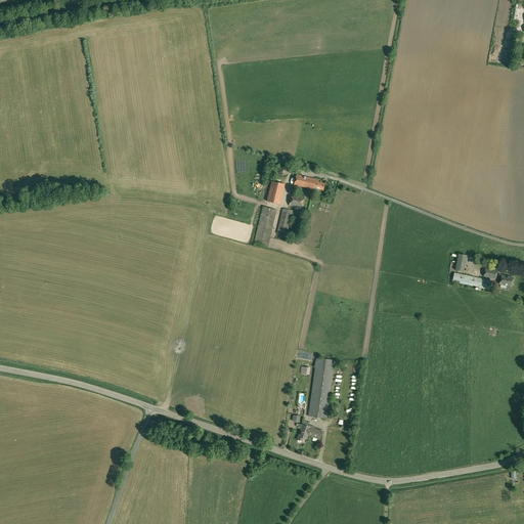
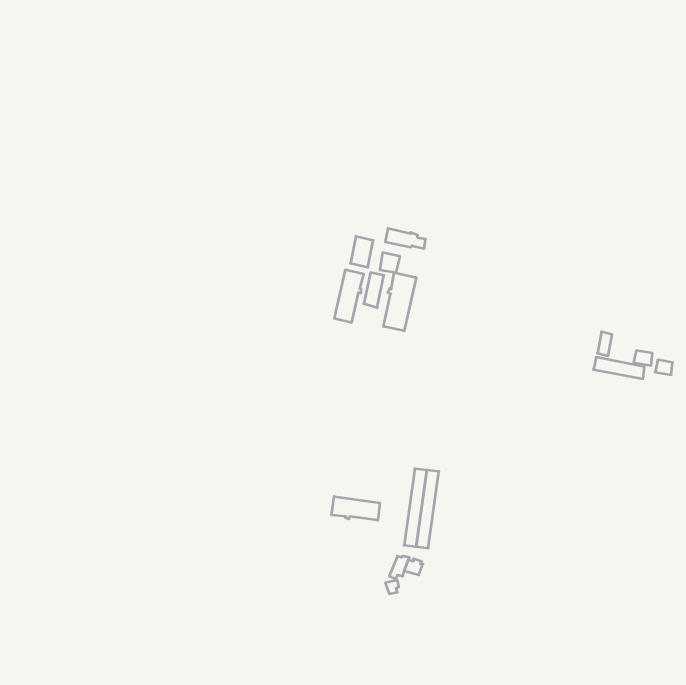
building: none -> [384,272,416,331]
building: none -> [332,496,380,520]

